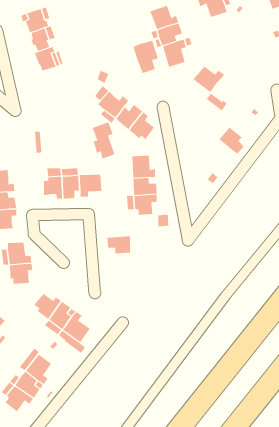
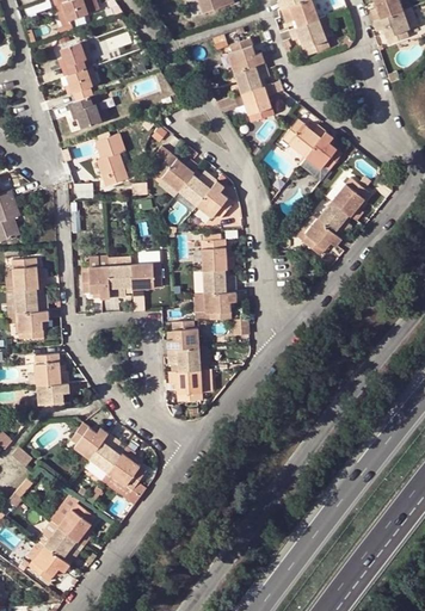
building: [133,40,158,74] -> none
building: none -> [306,131,341,169]
building: none -> [331,178,369,221]
building: [92,121,115,159] -> [96,134,127,184]
building: none -> [303,217,341,254]
building: none -> [167,320,199,348]
building: none -> [168,369,202,400]

